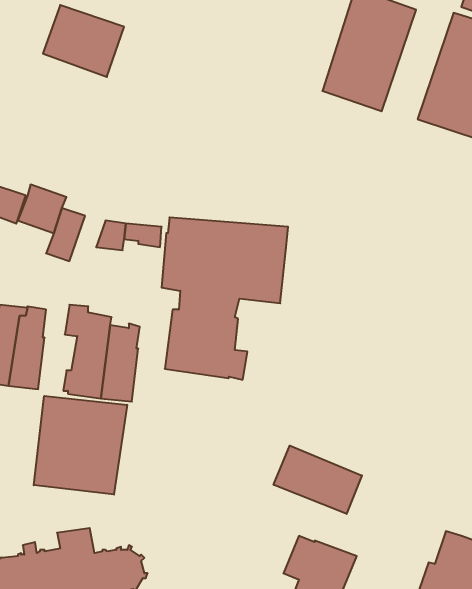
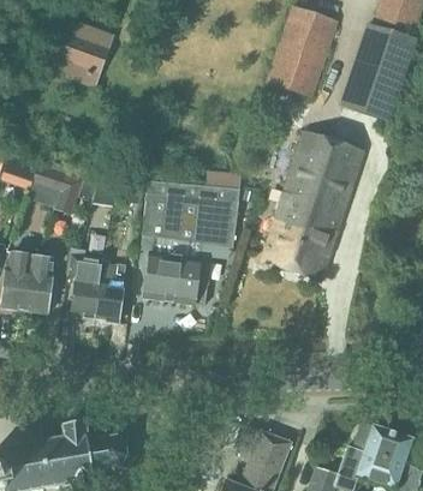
building: none -> [262,130,363,280]
building: [34,396,127,495] -> none
building: [274,446,362,514] -> none

